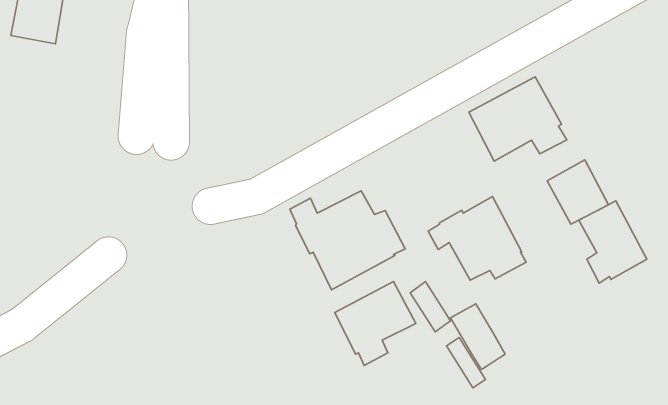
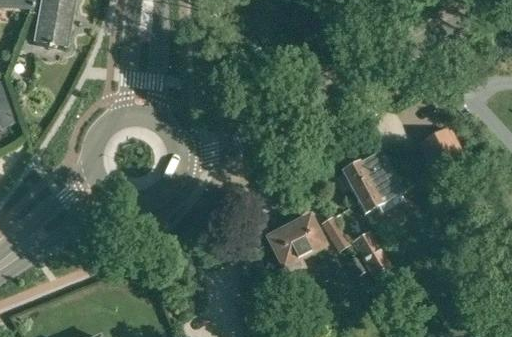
building: [469,77,567,161] -> none
building: [290,191,405,290] -> none
building: [579,201,647,283] -> none

